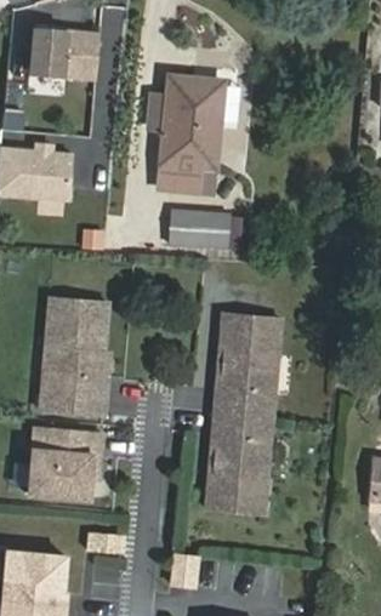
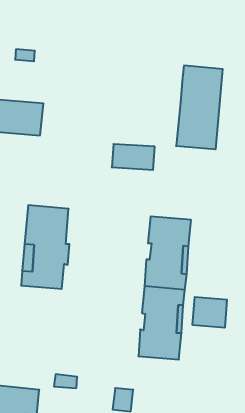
building: [30,28,99,79] -> none
building: [158,76,223,194] -> [176,66,223,149]
building: none -> [193,297,227,328]
building: [29,427,103,498] -> none

